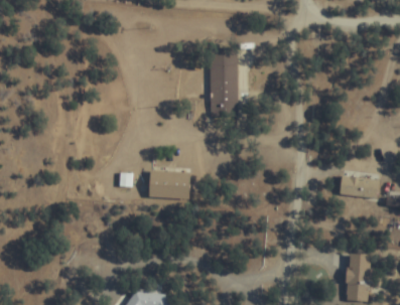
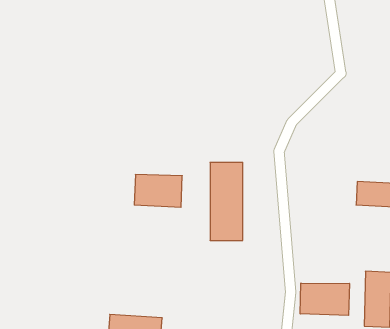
building: [210,47,238,115] -> [210,162,243,240]
building: none -> [300,283,349,315]

